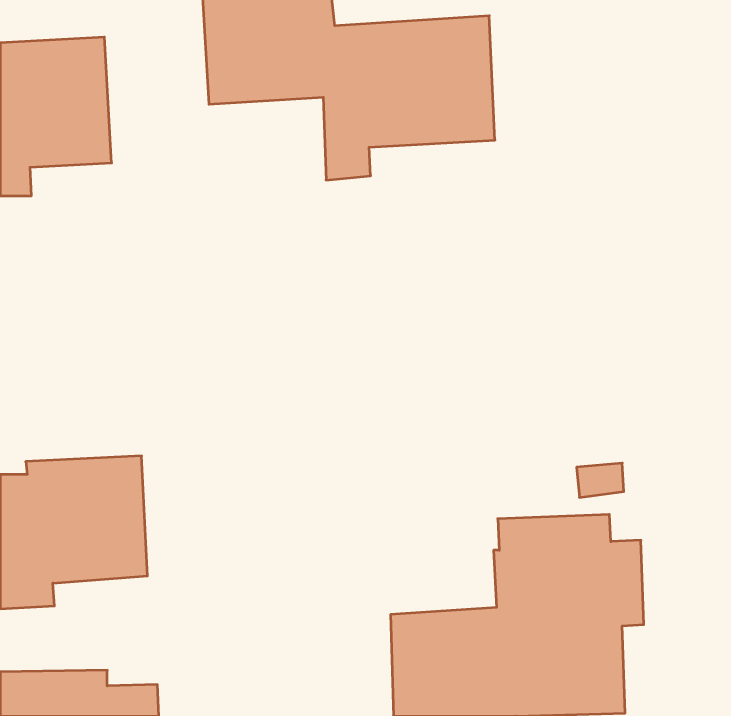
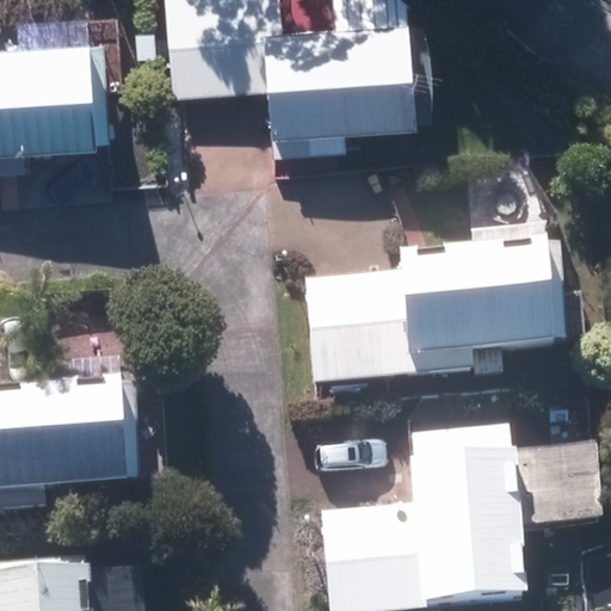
building: none -> [306,240,564,382]

